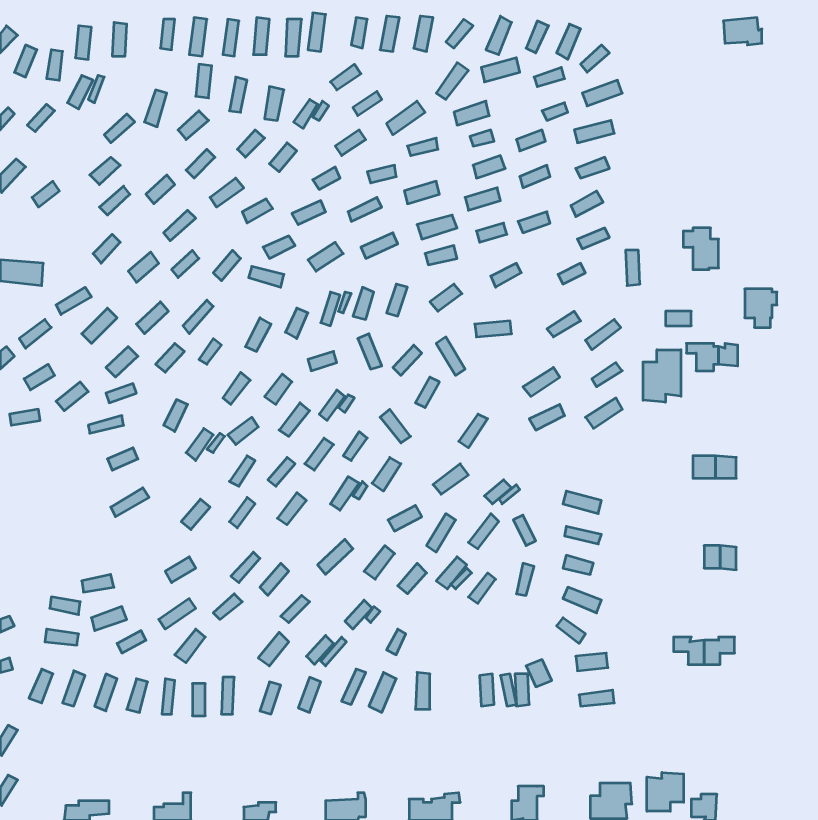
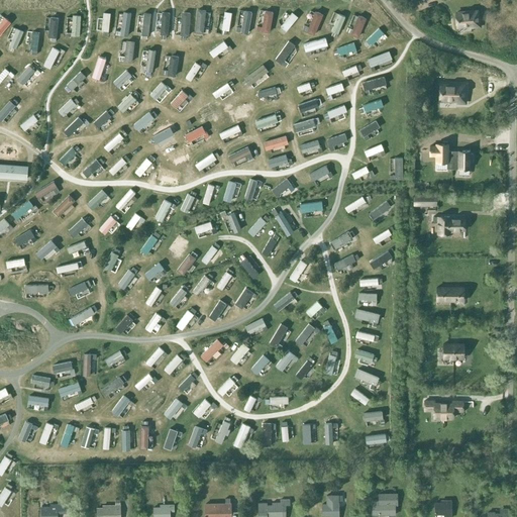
building: none -> [440,85,467,103]
building: [745,289,777,327] -> [453,150,474,175]
building: [643,350,681,402] -> none
building: [647,772,684,811] -> none

